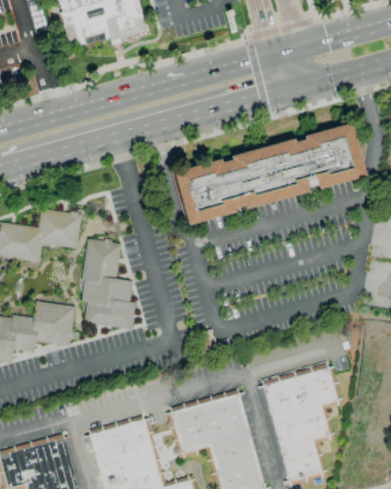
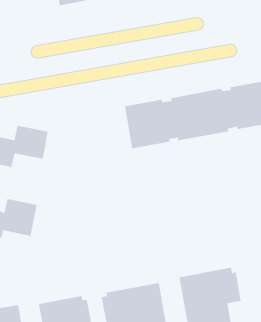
building: [79,238,135,329] -> none

